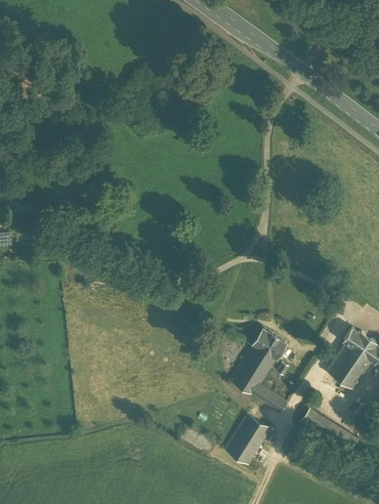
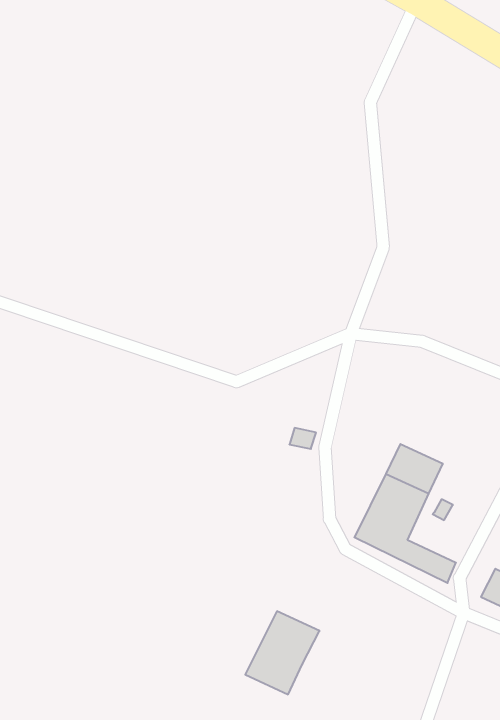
building: [225,416,271,465] -> [245,611,320,694]

